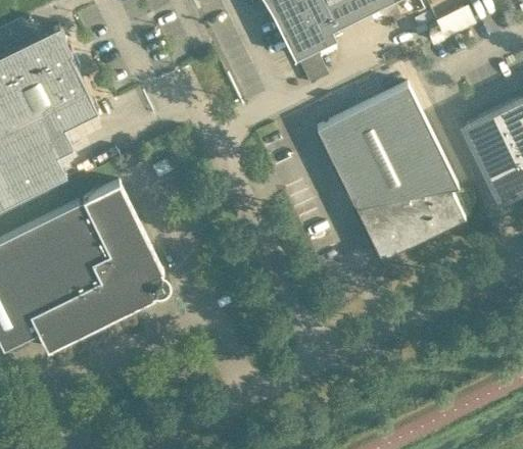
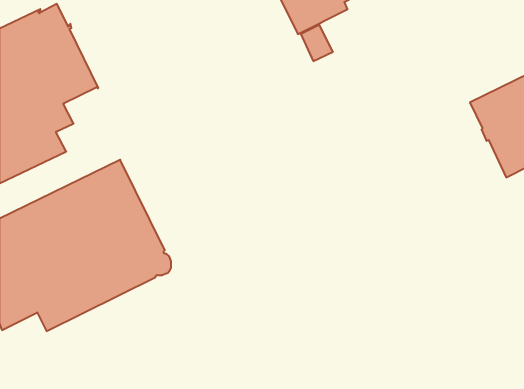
building: [317,85,464,260] -> none

